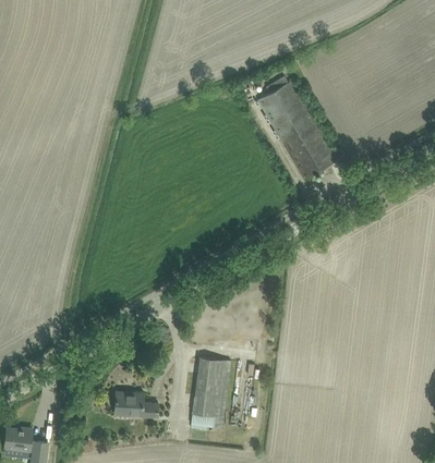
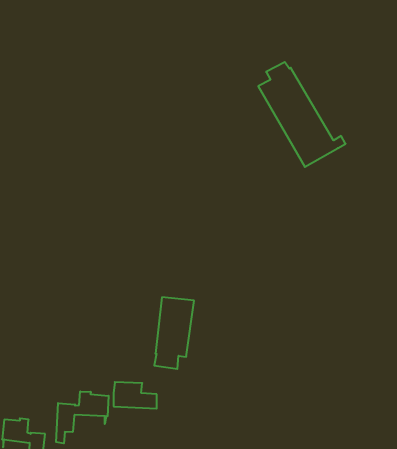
building: [191,357,230,428] -> [154,297,194,369]
building: none -> [56,391,109,443]

